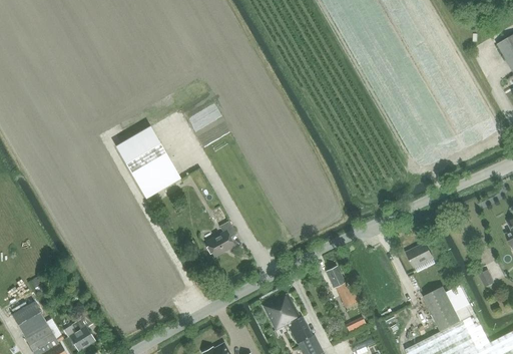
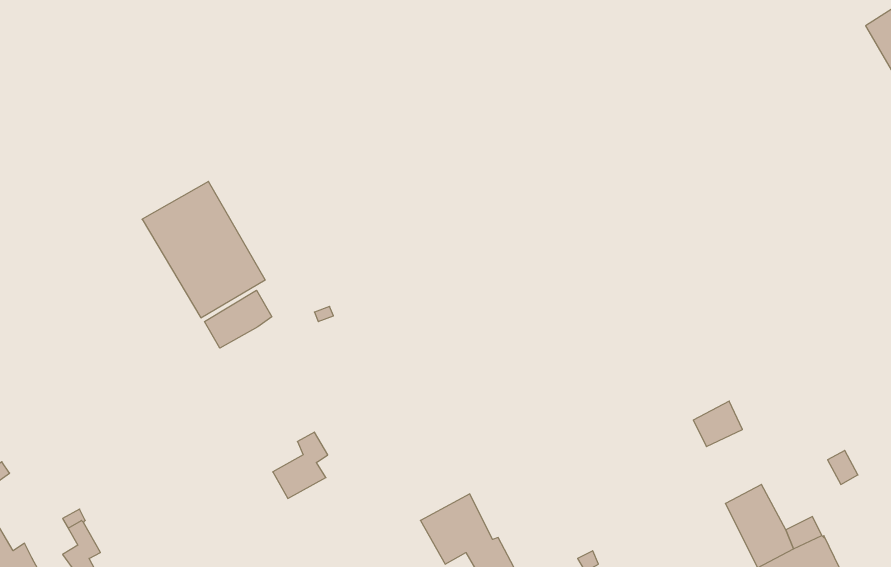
building: none -> [205,290,272,348]
building: [206,223,235,258] -> [273,432,328,498]
building: [327,267,361,309] -> none

